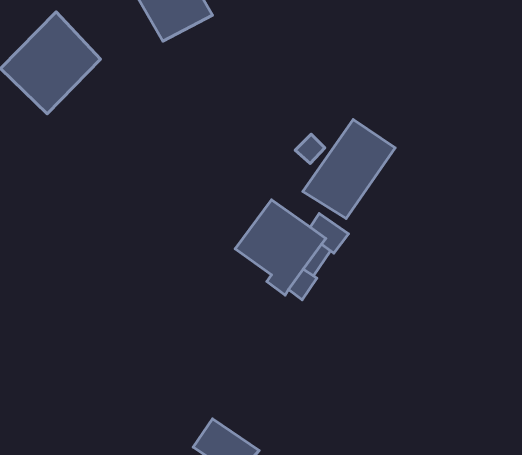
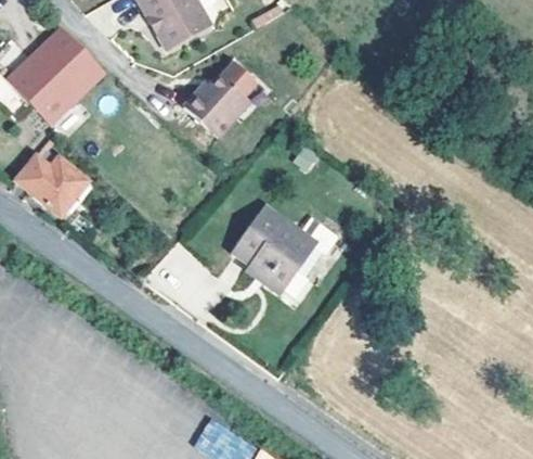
building: none -> [182,59,255,135]
building: [303,119,395,218] -> none
building: none -> [14,155,93,216]

